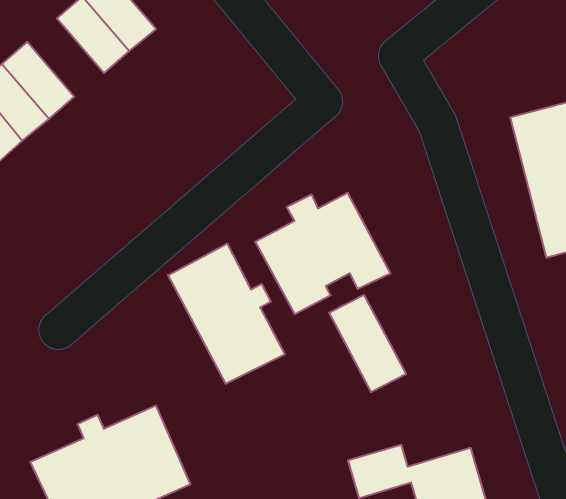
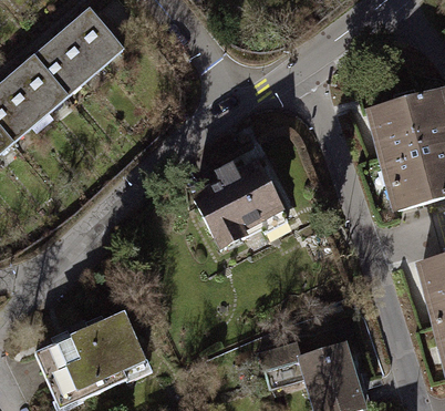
building: none -> [33,40,87,95]
building: [168,244,285,384] -> none
building: [329,295,406,392] -> none

